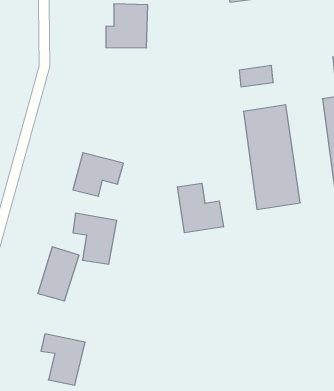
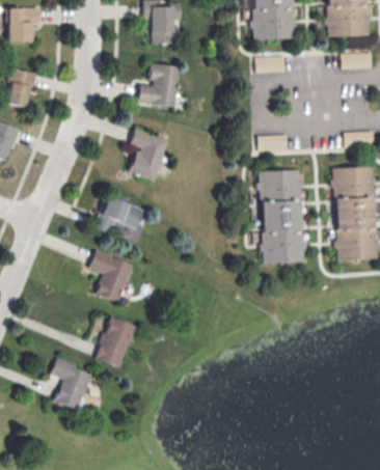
building: none -> [130,128,168,178]
building: [177,183,223,233] -> none
building: [38,247,79,301] -> [96,314,137,365]

